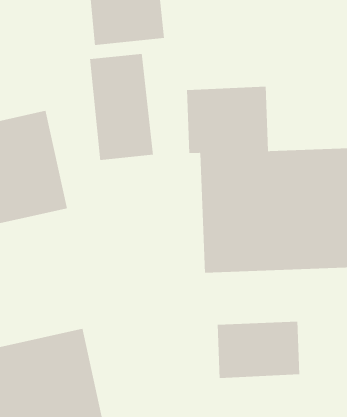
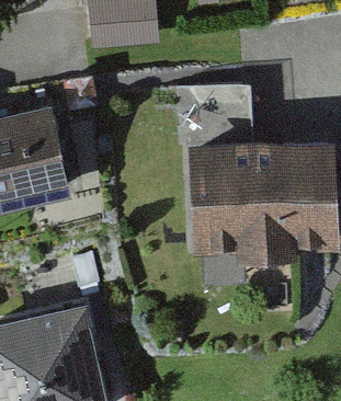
building: [89,53,153,161] -> none
building: [217,321,300,379] -> none

